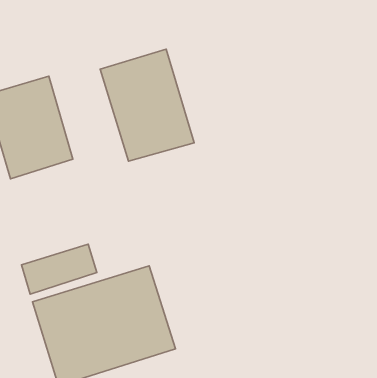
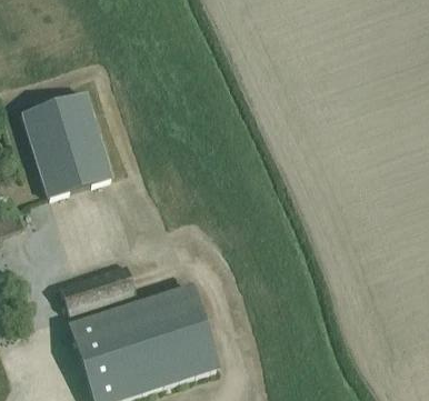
building: [100,49,194,161] -> none

